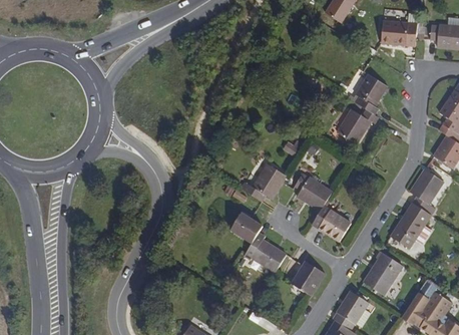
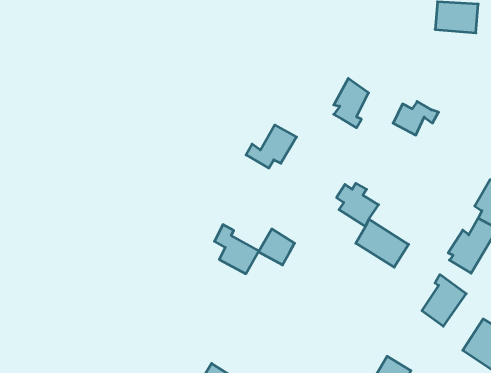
building: [356,72,385,113] -> [334,78,369,128]
building: [242,164,284,201] -> [246,125,297,168]
building: [250,232,287,273] -> [214,225,259,274]
building: [290,260,325,296] -> none
building: [335,288,372,328] -> none

